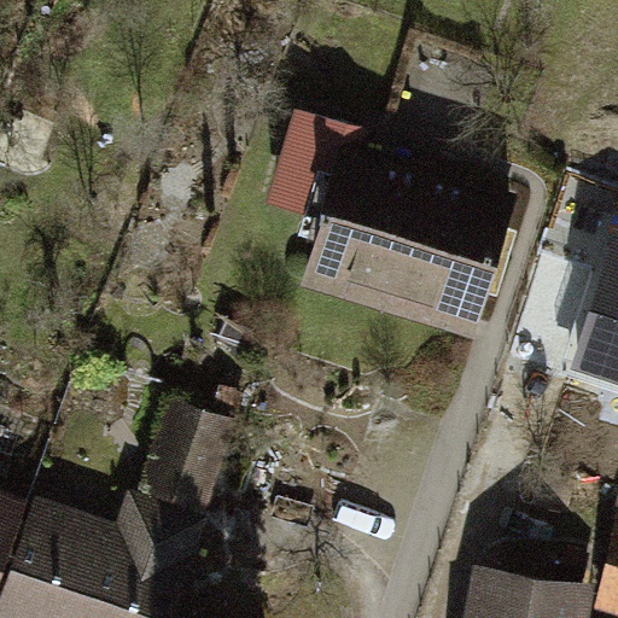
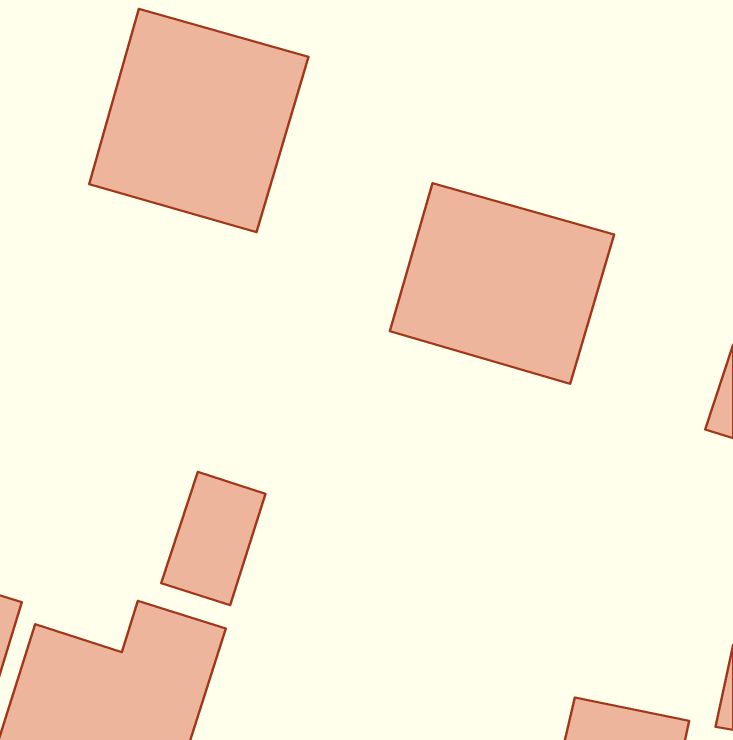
building: none -> [89,9,308,232]
building: [268,124,346,212] -> none

